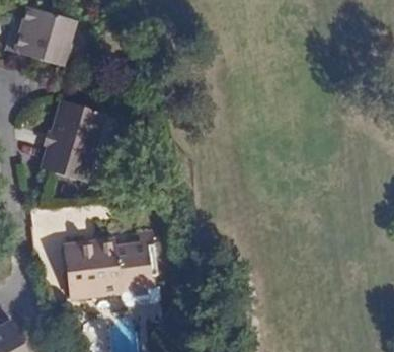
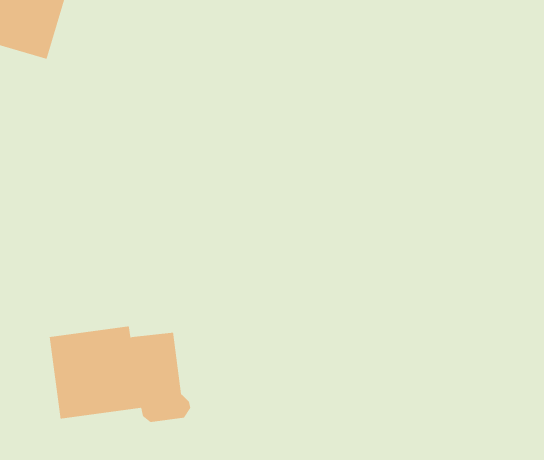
building: [43,101,106,183] -> none

